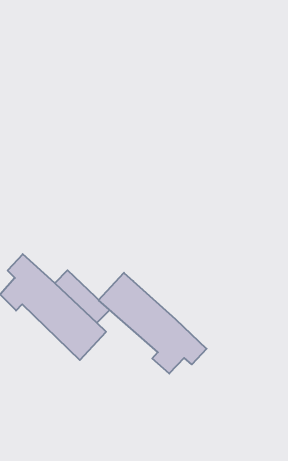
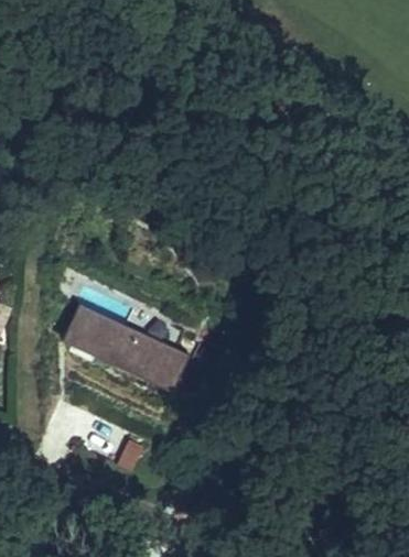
building: [99,273,207,374] -> none

